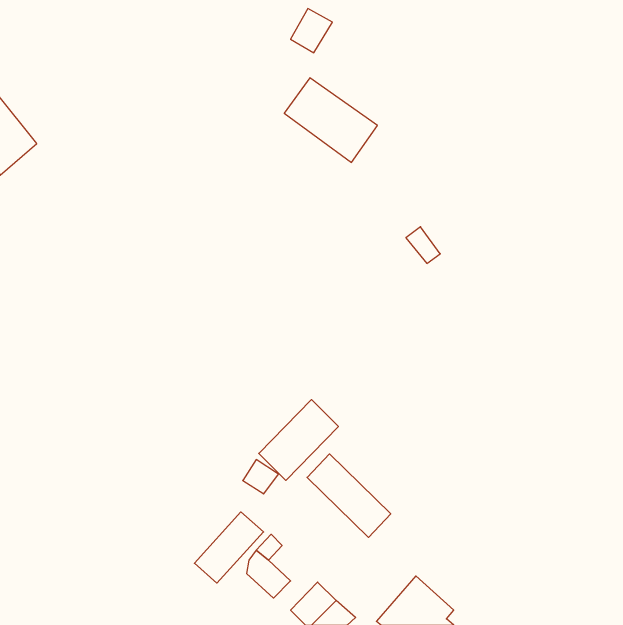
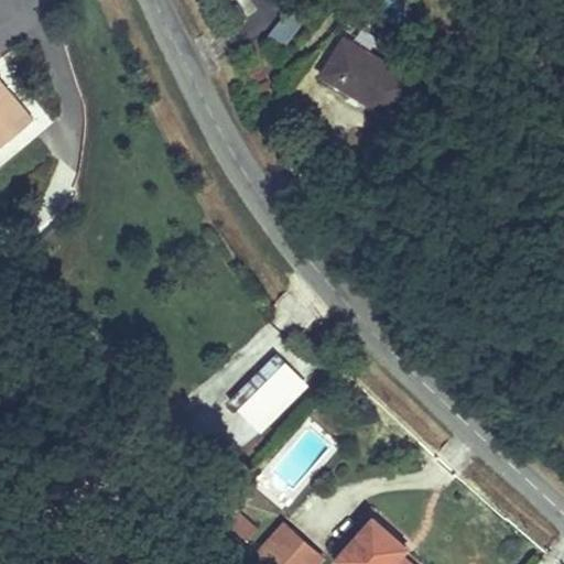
building: [284,78,377,162] -> [321,43,404,119]
building: [307,454,391,537] -> none
building: [194,512,264,583] -> none

